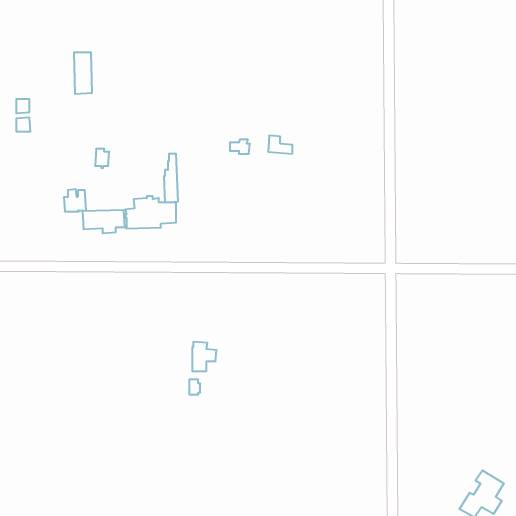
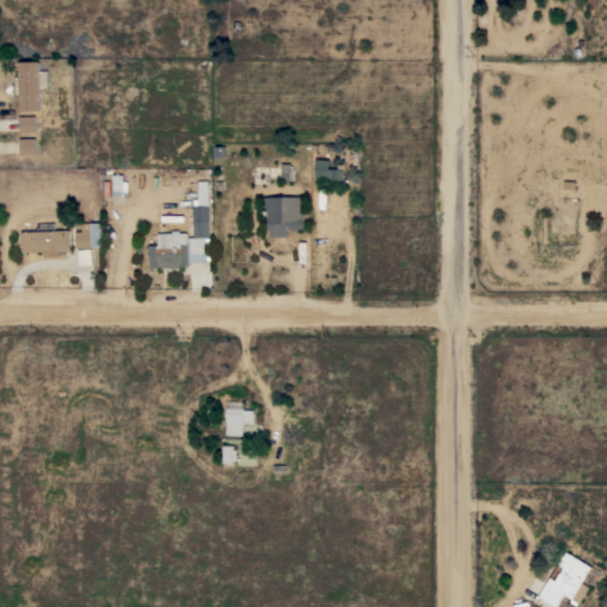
building: [74,52,92,94] -> [18,63,39,111]
building: none -> [262,197,302,238]
building: [82,210,125,233] -> [20,231,70,258]

